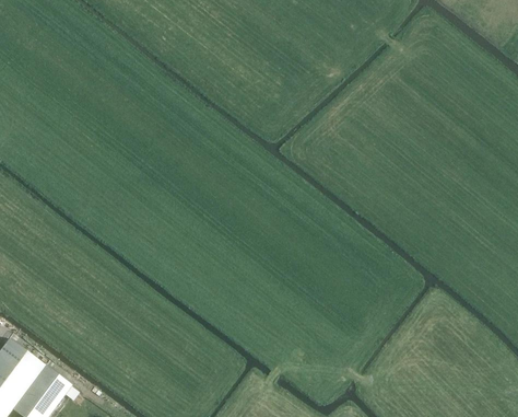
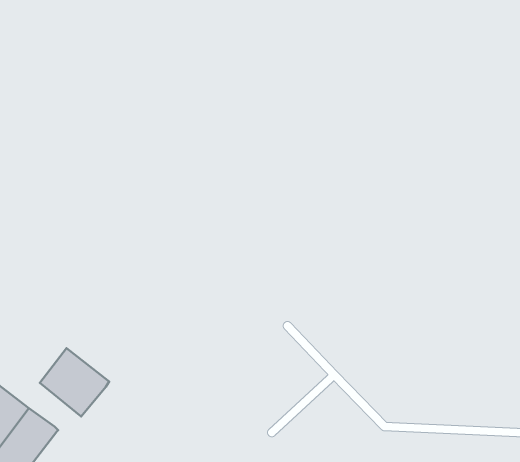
building: none -> [40,348,109,416]

